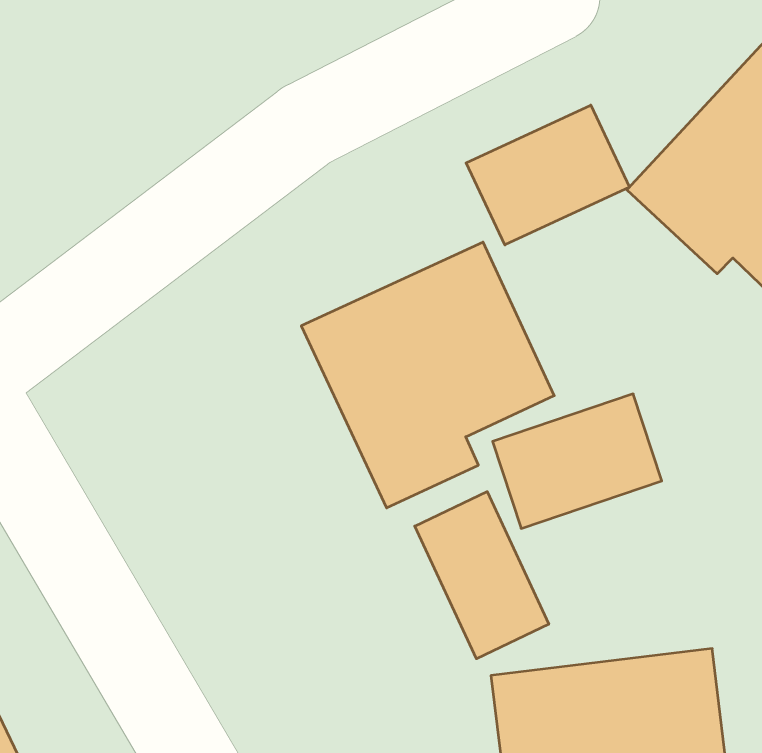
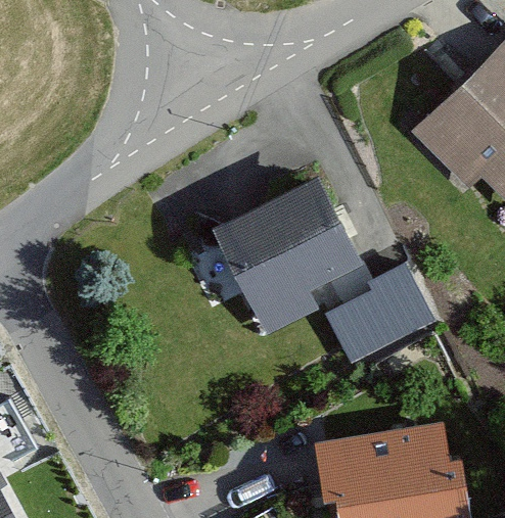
building: [466,105,630,245] -> none
building: [415,492,549,659] -> none

